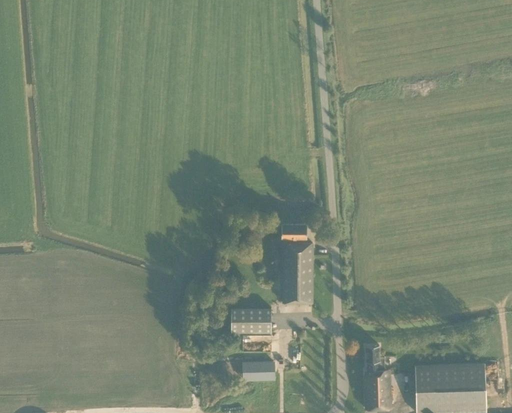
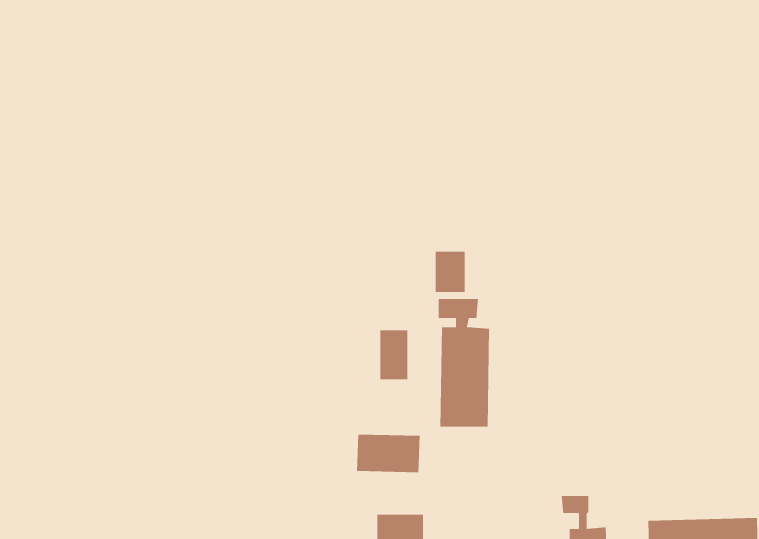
building: none -> [435,251,466,293]
building: none -> [379,330,408,380]

